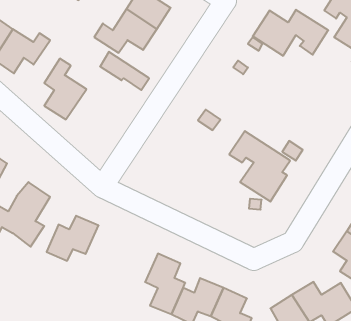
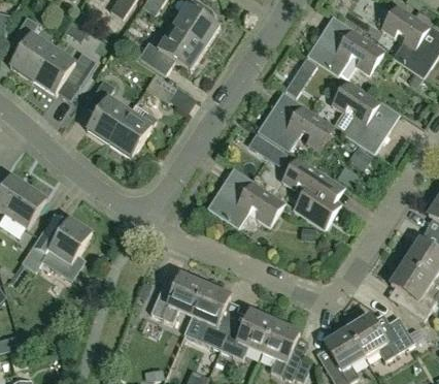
building: none -> [331,79,400,154]
building: none -> [258,104,336,152]
building: none -> [109,110,158,158]
building: none -> [208,181,286,228]
building: [47,216,99,261] -> [151,275,206,322]

